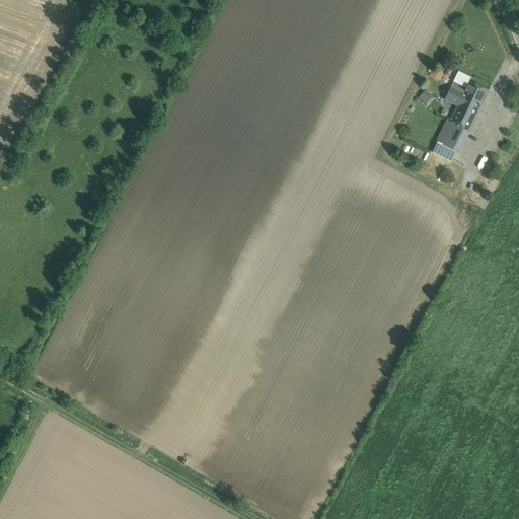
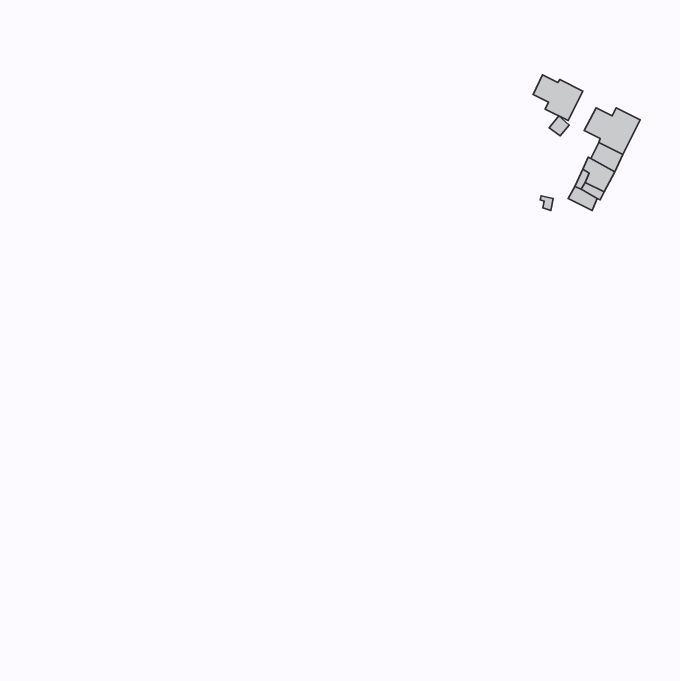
building: none -> [533,75,583,121]

